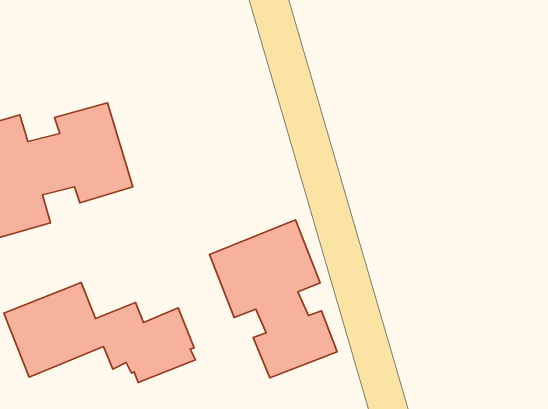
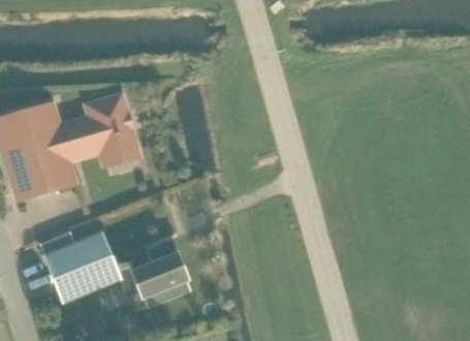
building: [209,220,337,378] -> none

